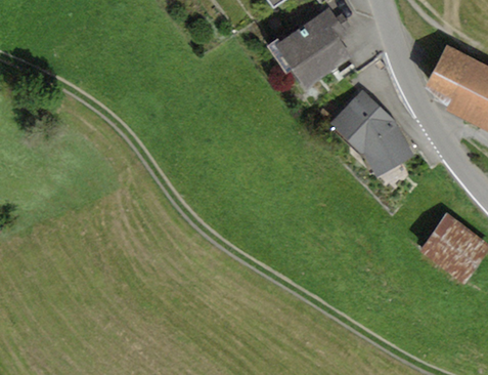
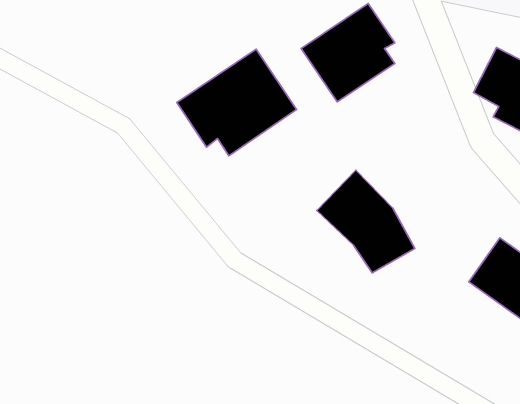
building: none -> [177,49,297,156]
building: [328,86,415,177] -> [317,170,415,273]

